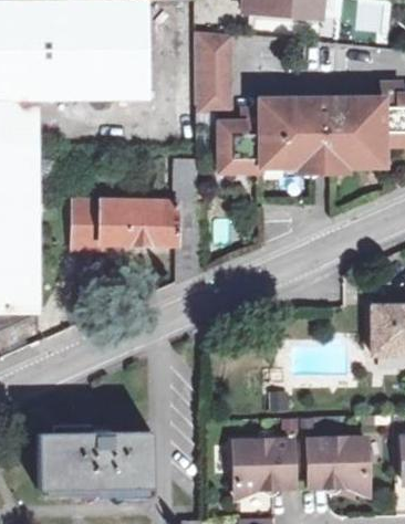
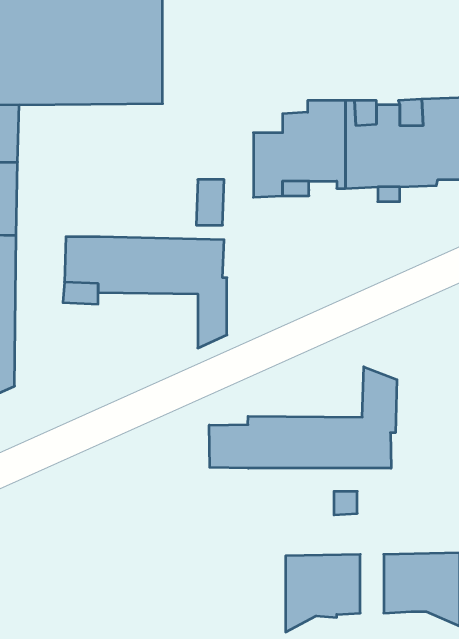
building: [196,30,229,108] -> none
building: none -> [209,367,397,468]
building: [42,431,156,490] -> none

